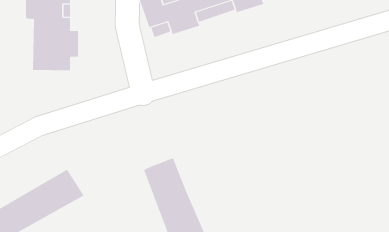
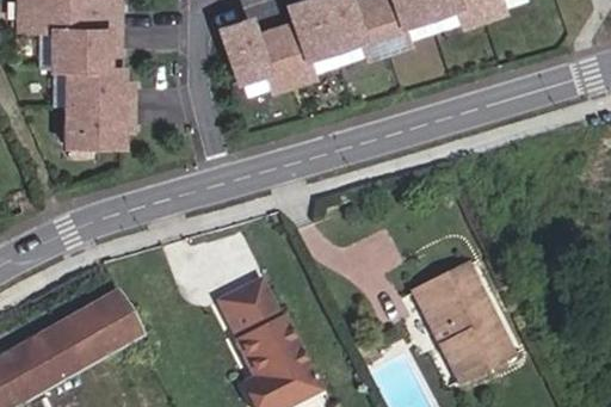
building: none -> [422,261,517,378]

